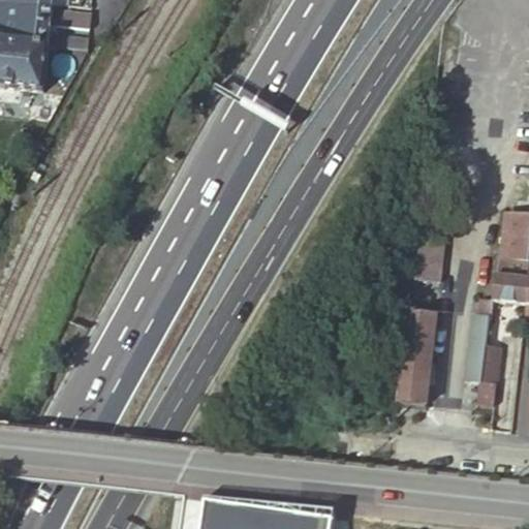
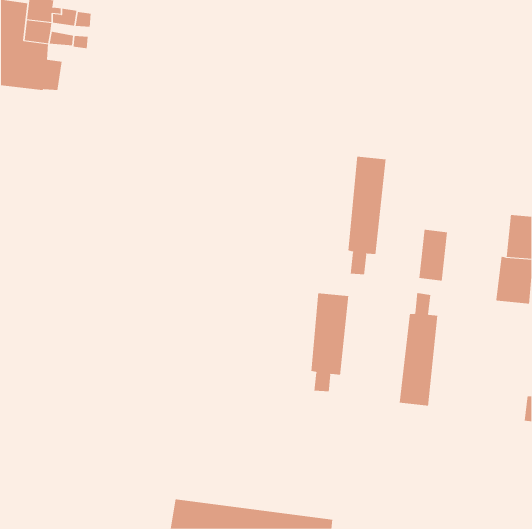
building: none -> [348,156,386,275]
building: none -> [311,292,349,392]
building: [464,297,495,407] -> none

